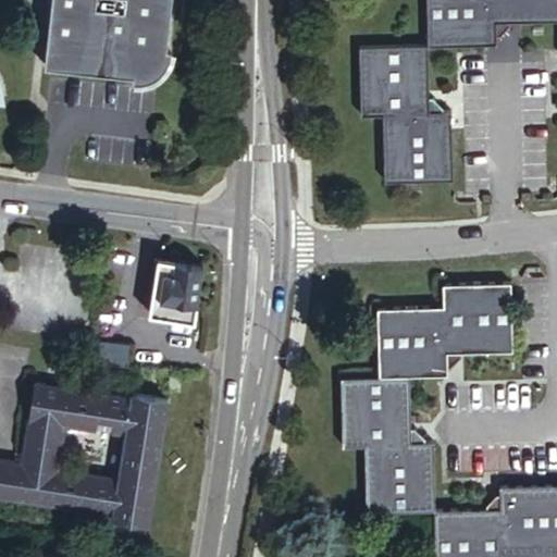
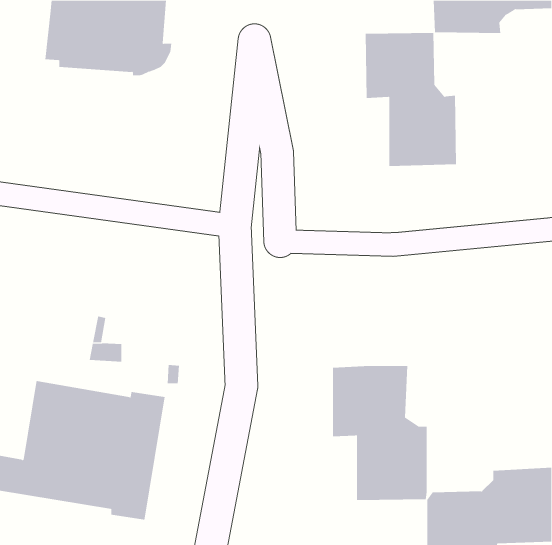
building: [151,267,197,326] -> none
building: [371,282,515,375] -> none

